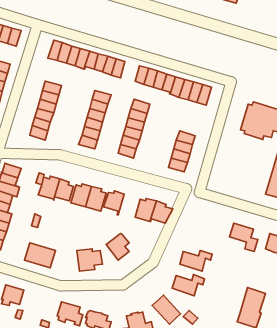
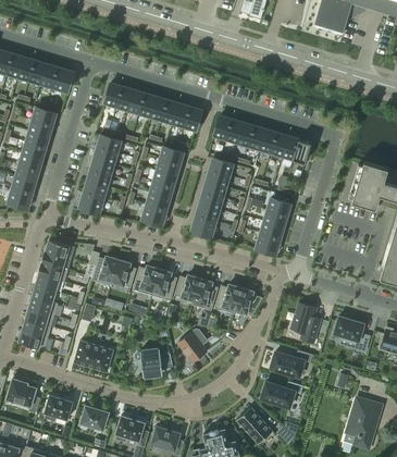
building: none -> [193,279,218,310]
building: none -> [290,302,321,343]
building: none -> [80,405,109,430]

